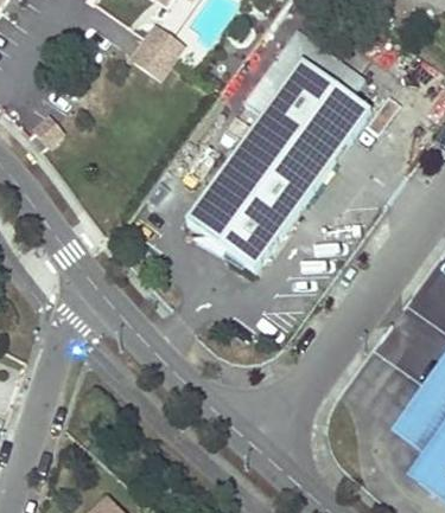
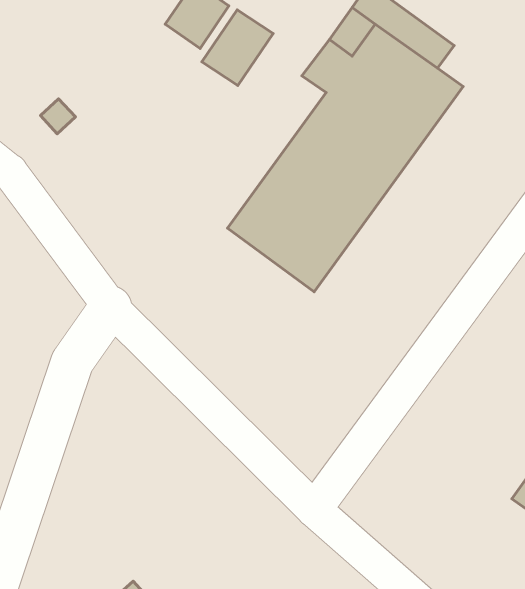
building: none -> [202,10,273,86]

